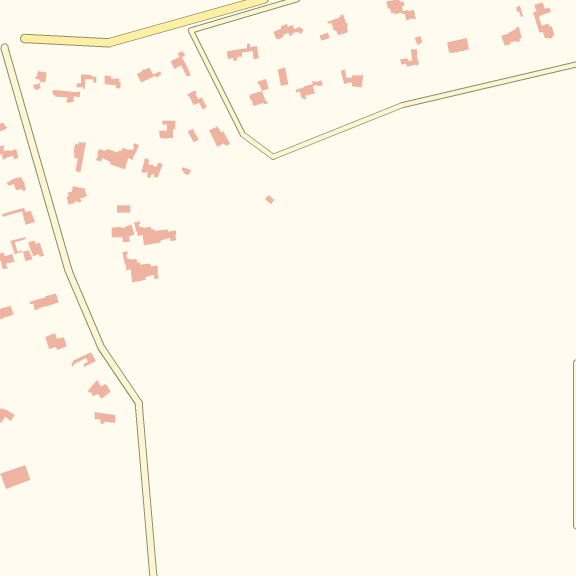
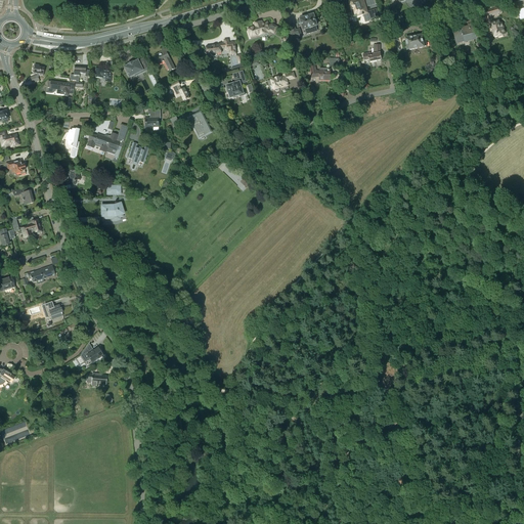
building: [133,221,177,246] -> none
building: [122,251,160,283] -> none

